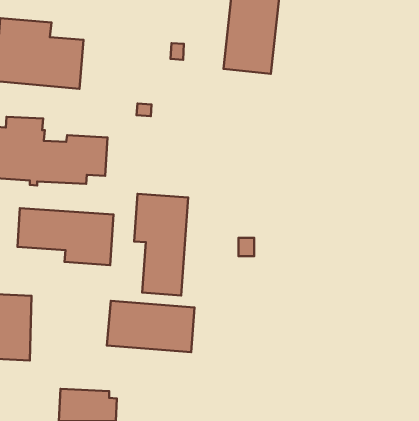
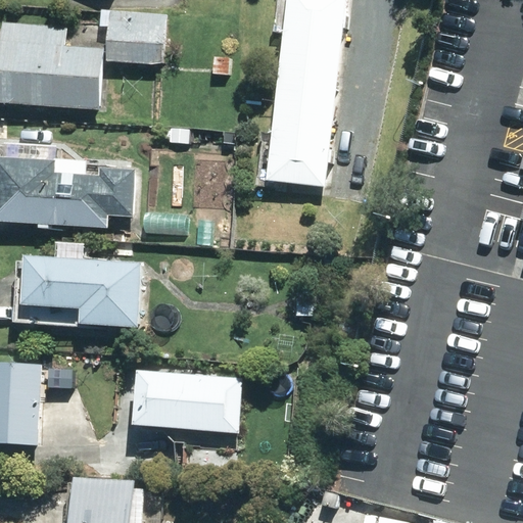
building: none -> [97,10,163,64]
building: none -> [266,85,334,186]
building: [134,194,188,295] -> none

